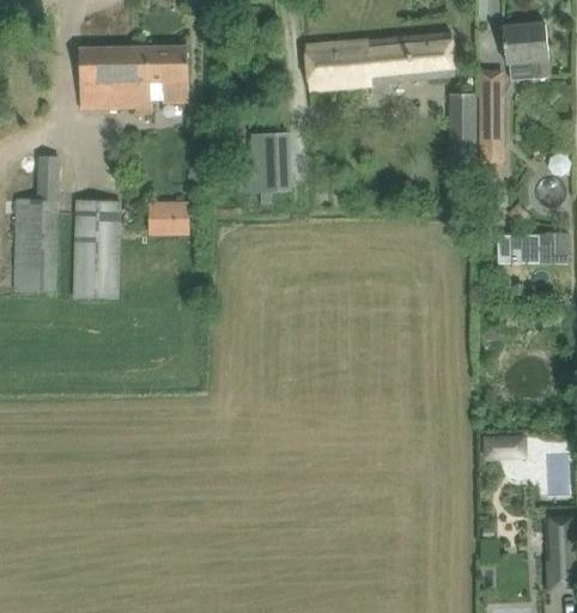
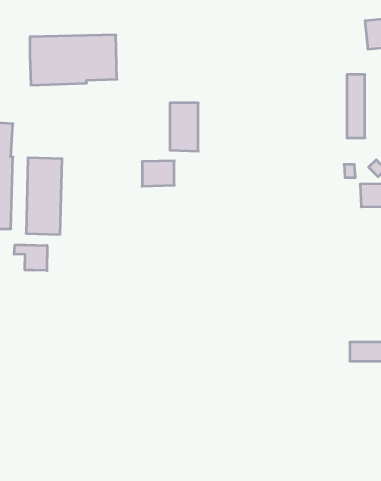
building: [304,31,454,89] -> none
building: [448,91,476,138] -> none
building: [147,201,188,233] -> [142,161,174,186]
building: none -> [14,245,47,271]

